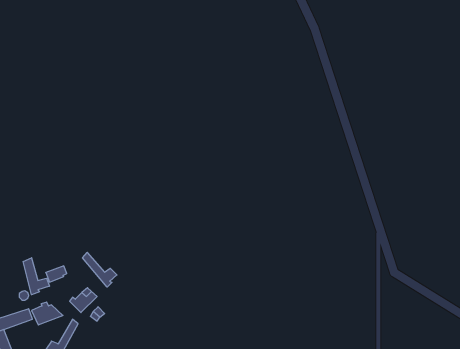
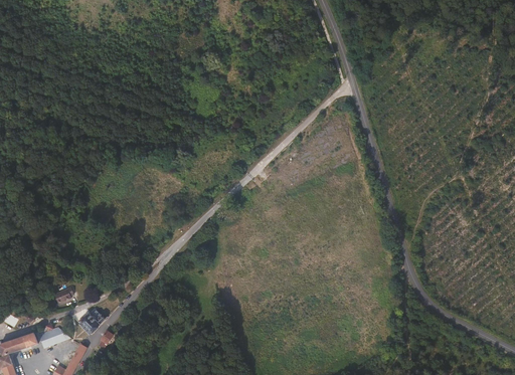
building: [83,252,117,287] -> none
building: [23,258,49,295] -> none

